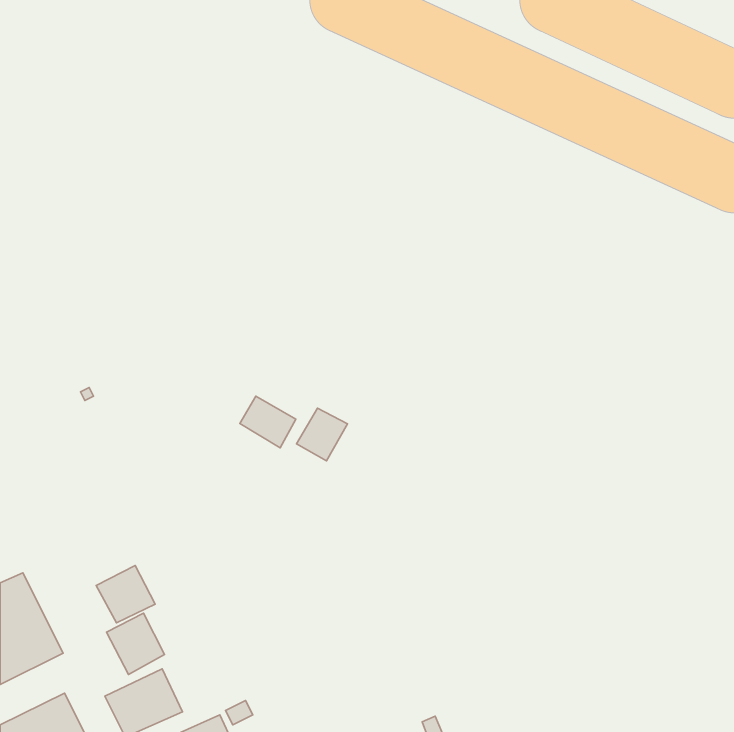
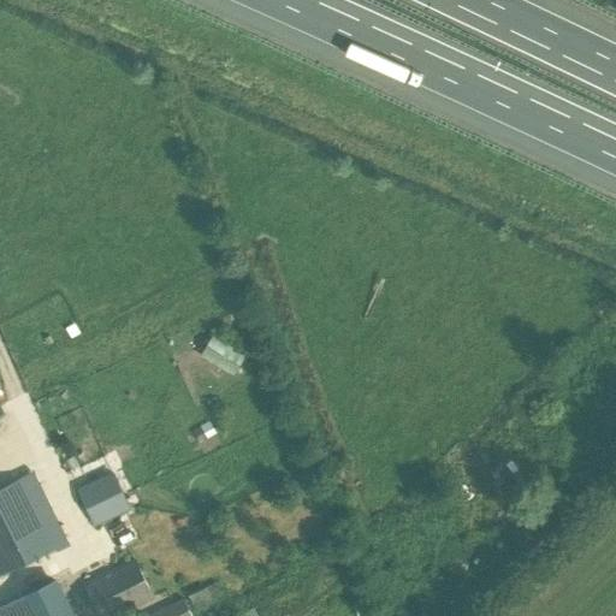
building: [297,408,348,461] -> none
building: [107,613,164,675] -> none

